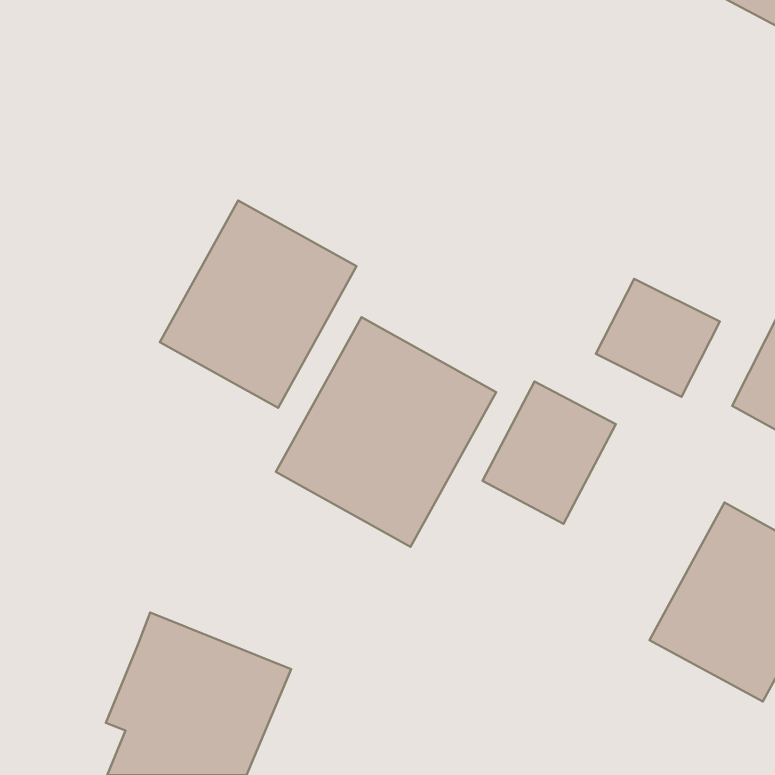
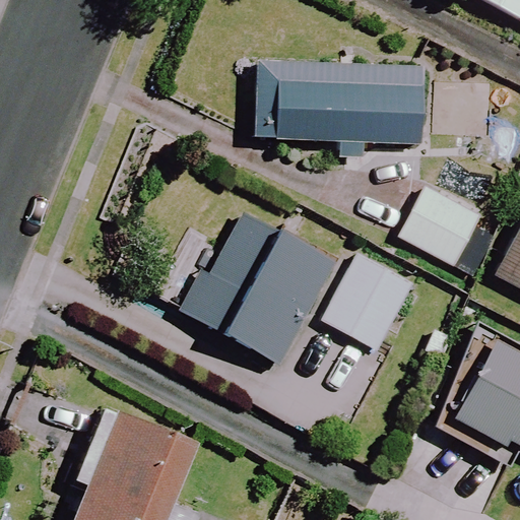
building: none -> [255,61,422,155]
building: [160,201,356,408] -> none

